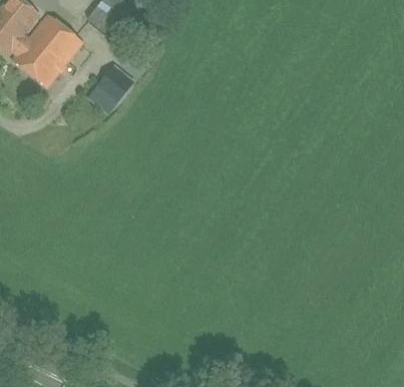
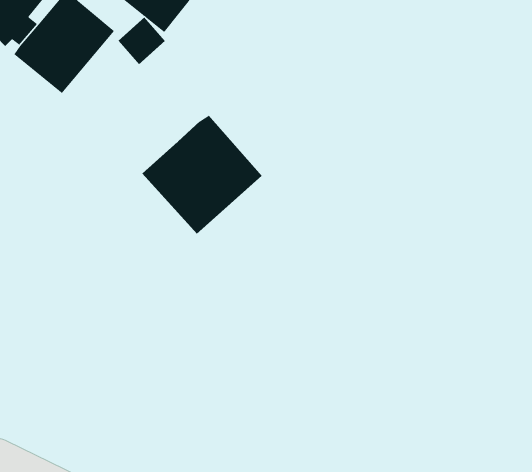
building: [99,69,133,103] -> [117,17,166,65]
building: none -> [141,115,262,235]

